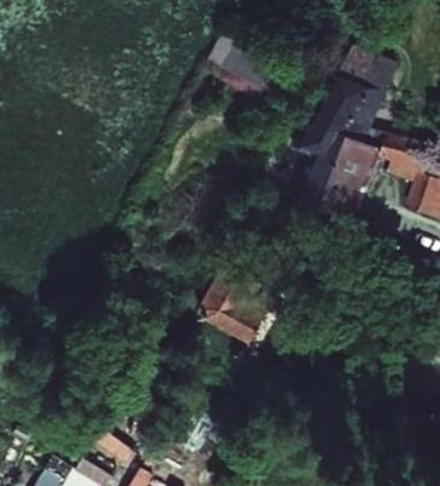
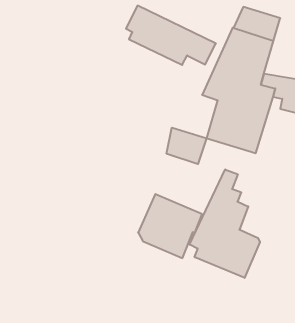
building: none -> [167,128,206,164]
building: none -> [189,169,260,278]

